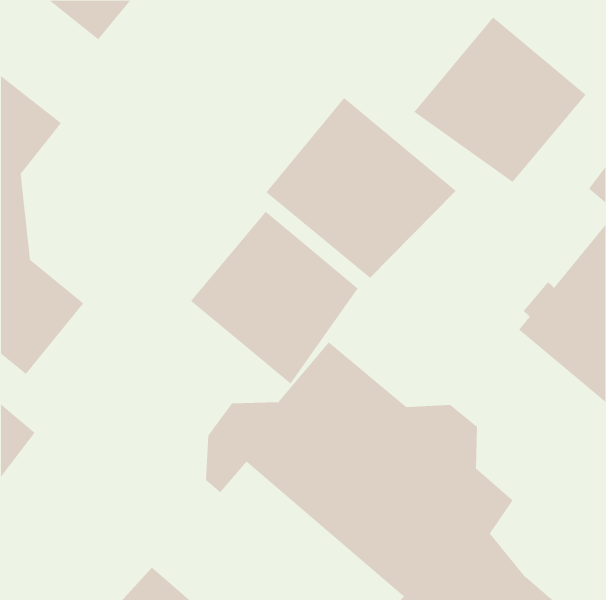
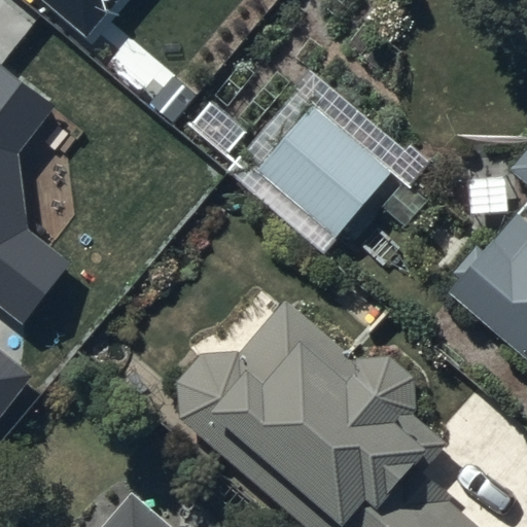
building: [414,16,586,183] -> none
building: [190,211,359,385] -> none

